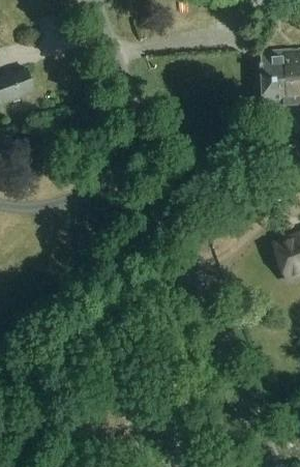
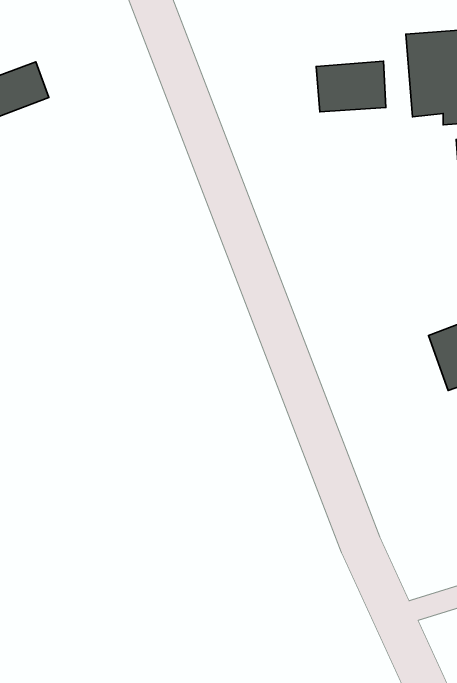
building: none -> [316,61,386,112]

